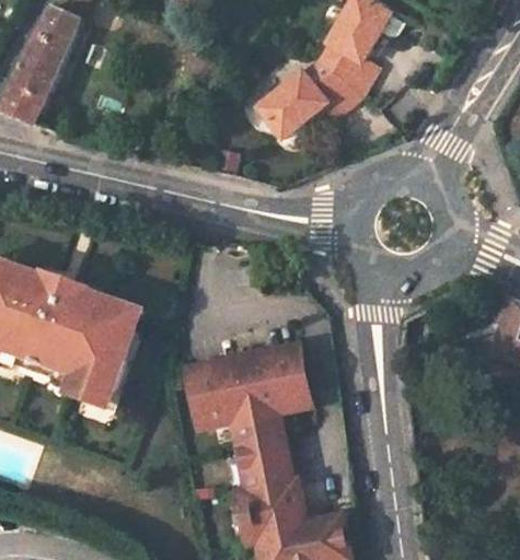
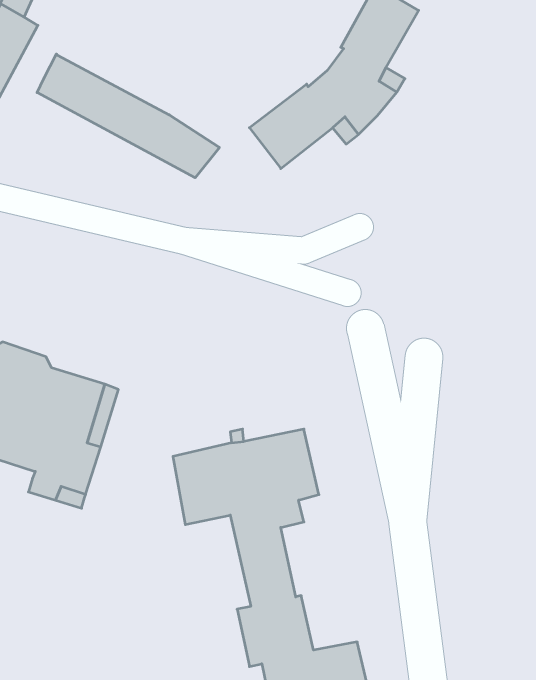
building: none -> [37,54,219,178]

